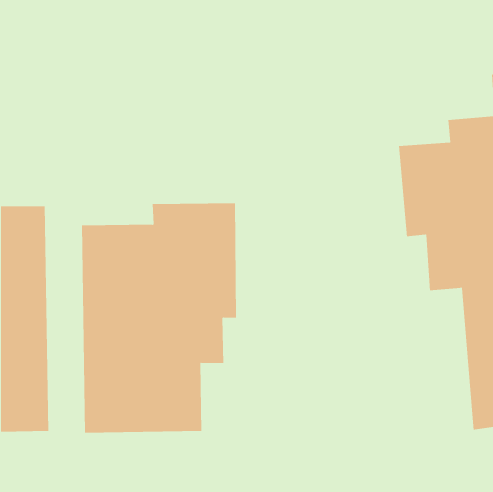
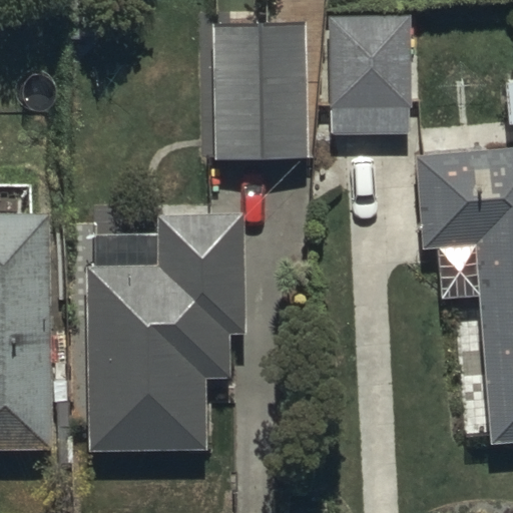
building: none -> [329,15,413,136]
building: none -> [211,24,306,159]

